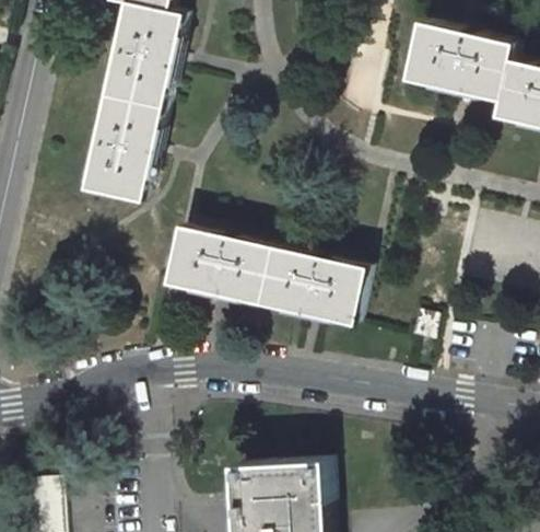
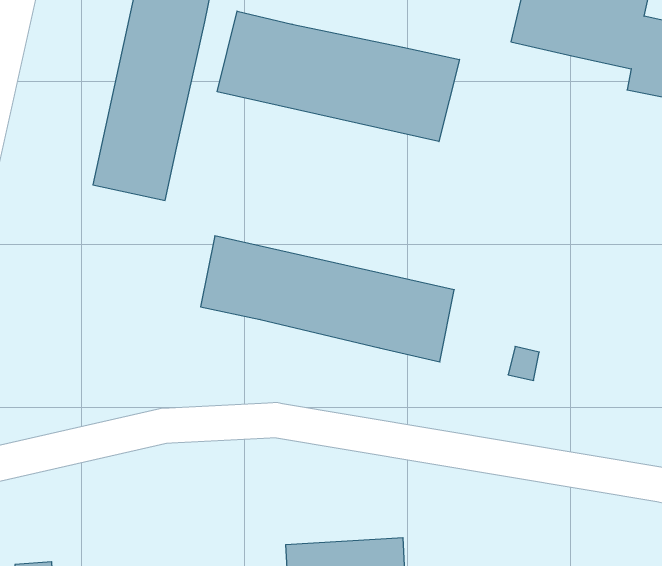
building: none -> [217,11,459,142]

